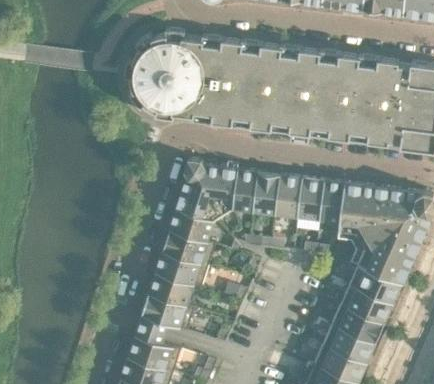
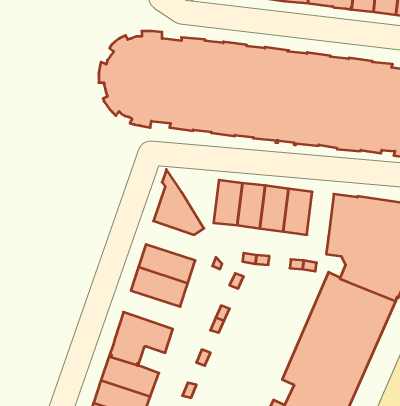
building: [187,159,236,214] -> none
building: [318,180,343,222] -> none
building: [168,207,214,244] -> none
building: [147,272,200,308] -> none

